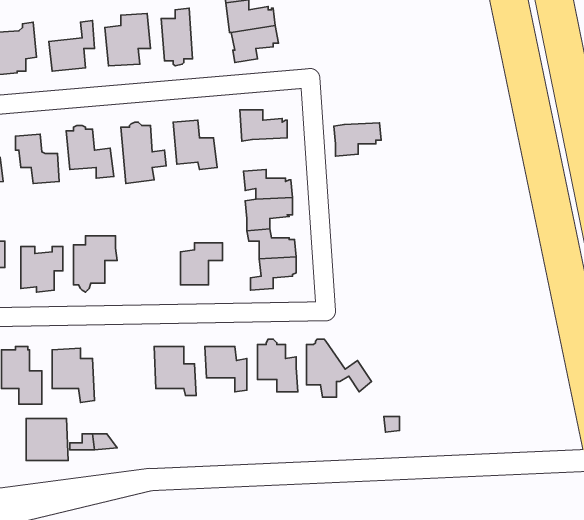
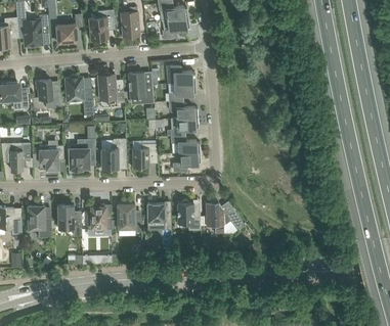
building: [334,123,381,156] -> [168,83,196,102]
building: none -> [101,139,126,171]
building: [26,418,68,460] -> [87,205,112,230]

